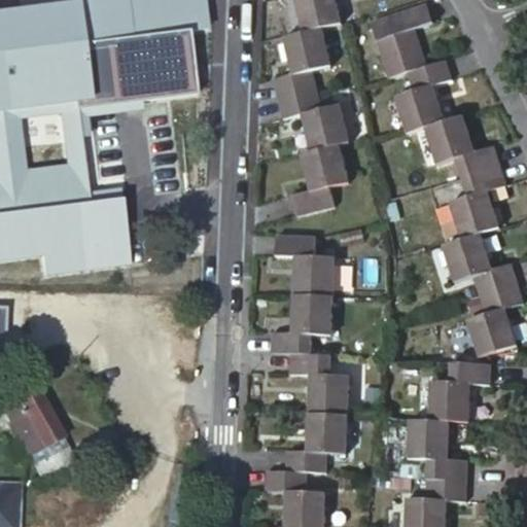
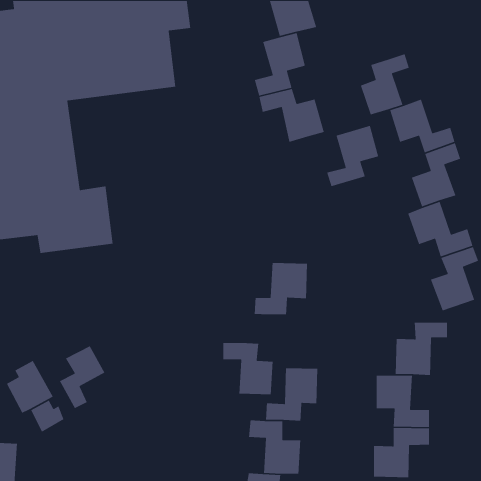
building: [367,7,426,78] -> none
building: [286,152,344,220] -> [326,125,379,187]
building: [279,232,336,289] -> none
building: [292,346,348,403] -> [222,342,274,395]
building: none -> [59,345,105,409]

